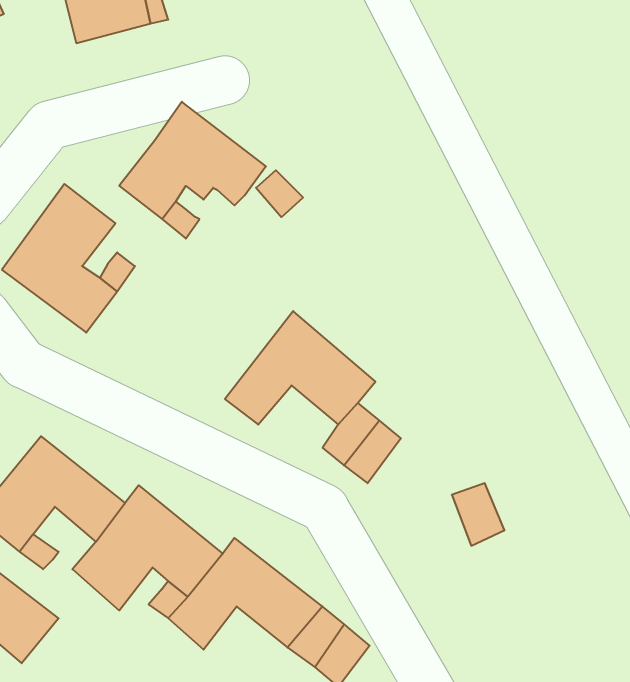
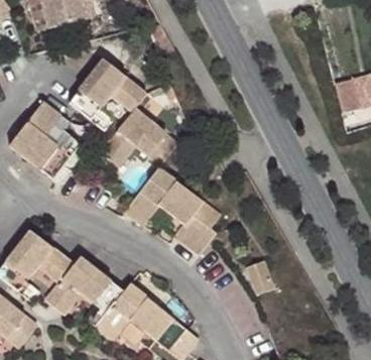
building: none -> [100,107,178,166]

